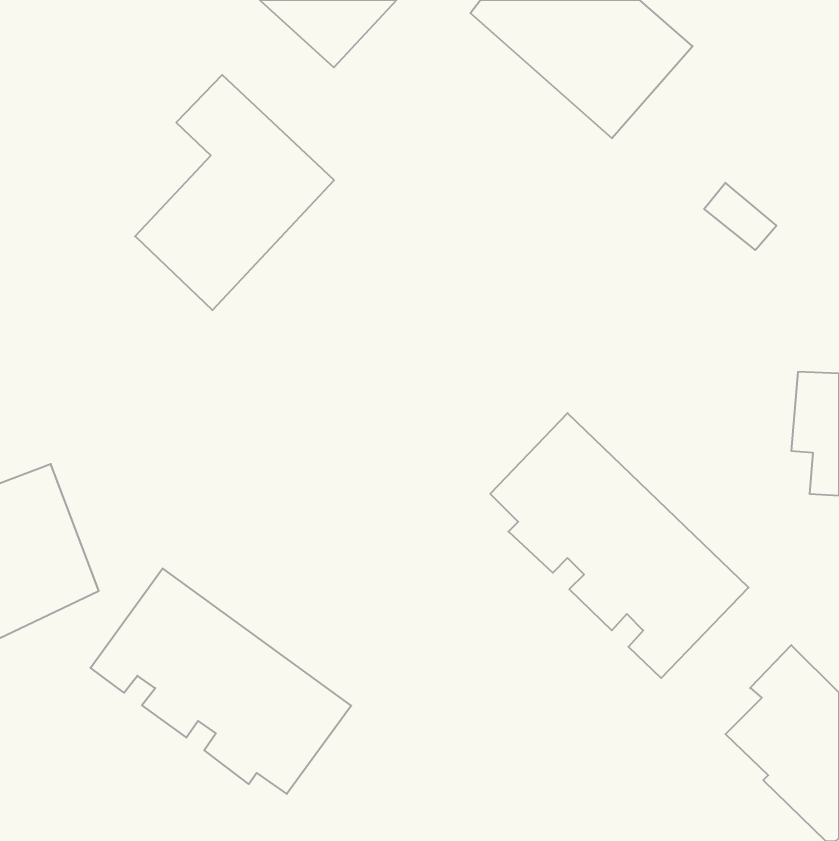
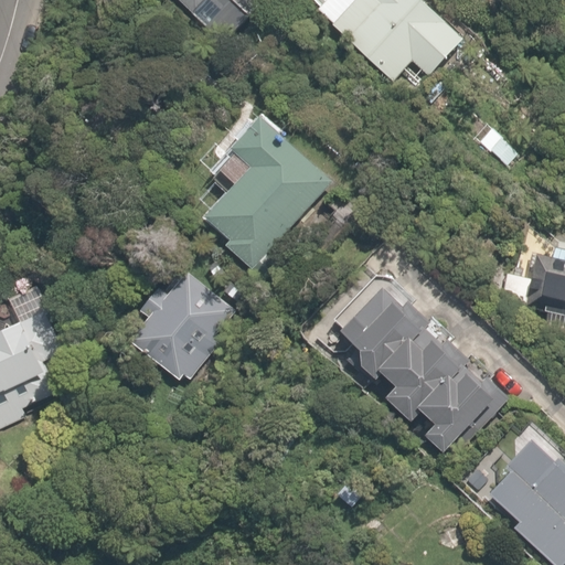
building: [135,75,334,310] -> [201,108,334,266]
building: none -> [134,262,245,386]
building: [90,568,351,794] -> none

